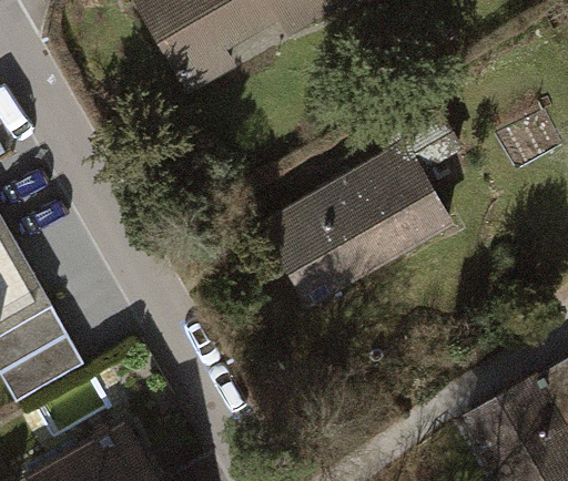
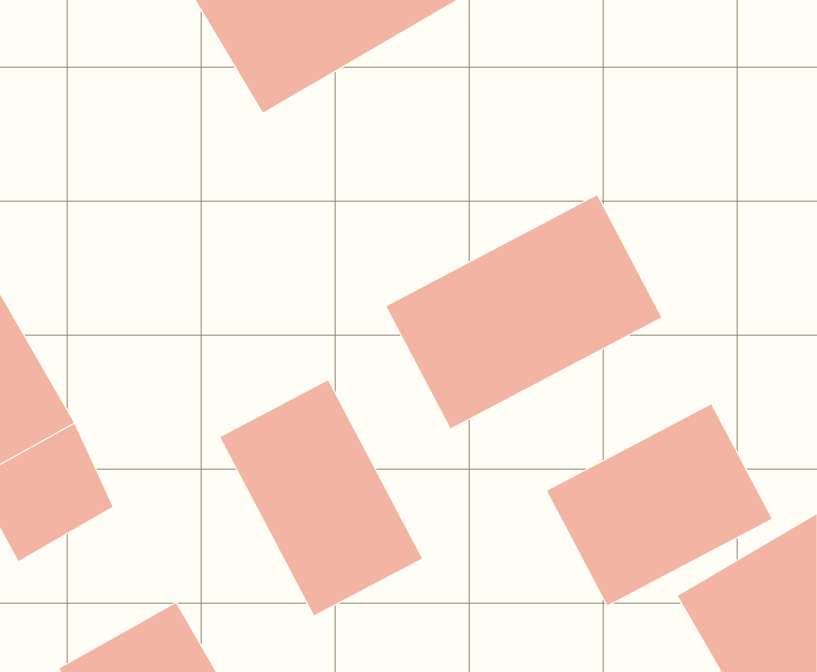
building: none -> [219,380,423,616]
building: none -> [546,403,773,606]

